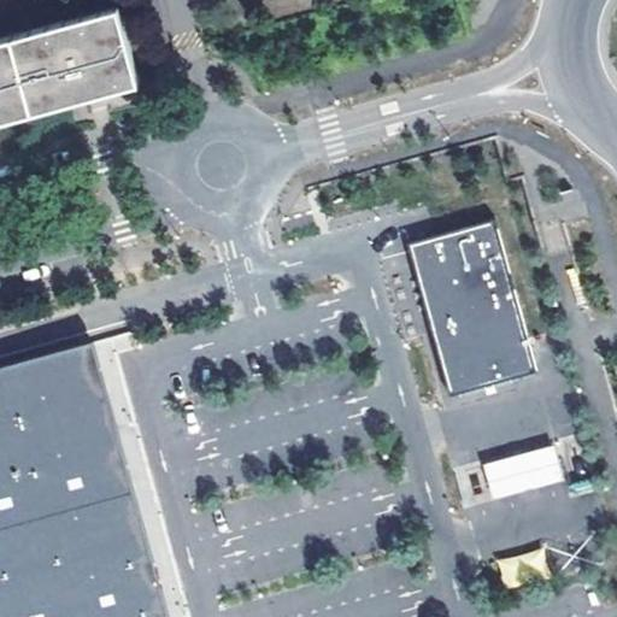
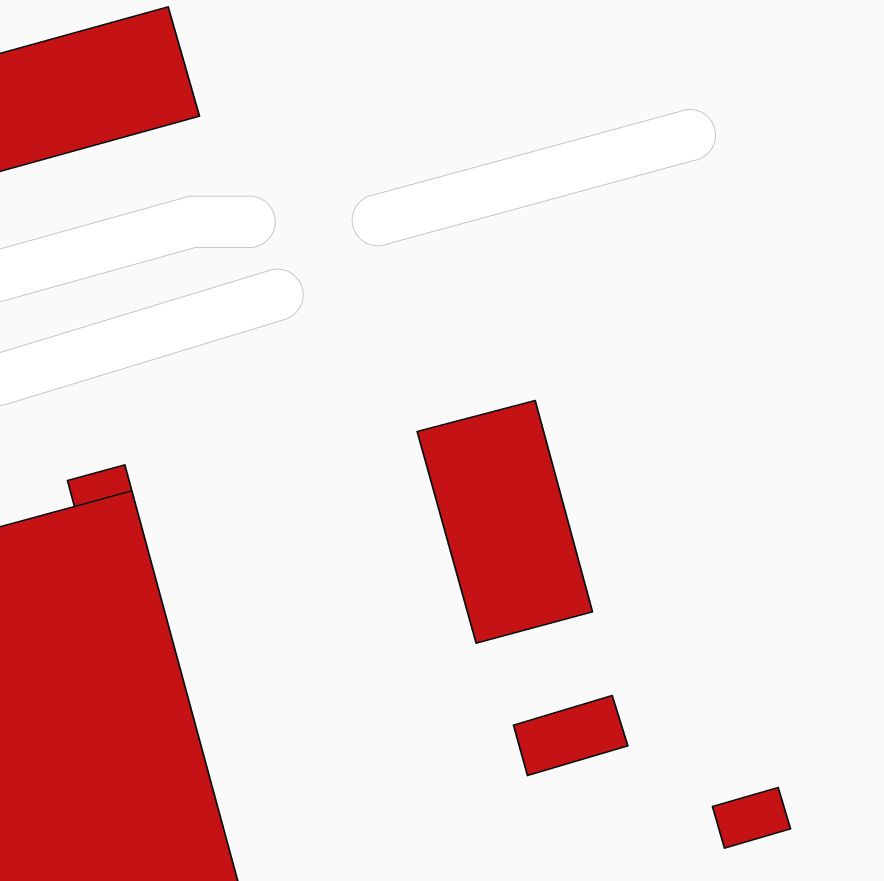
building: [411,225,533,394] -> [417,400,592,643]
building: [483,447,563,503] -> [513,696,628,775]

